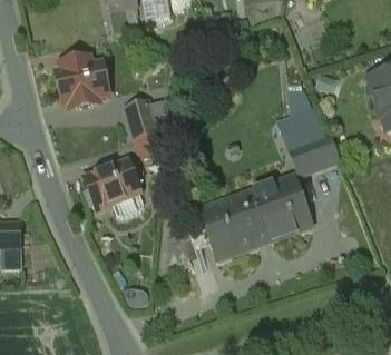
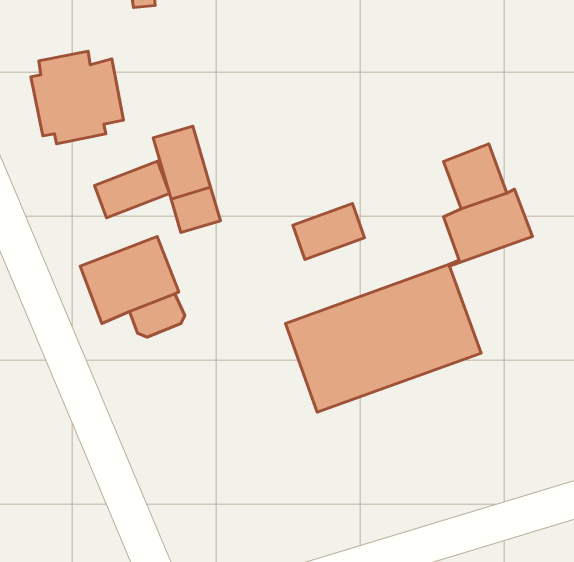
building: none -> [94,161,169,218]
building: none -> [293,204,365,259]

